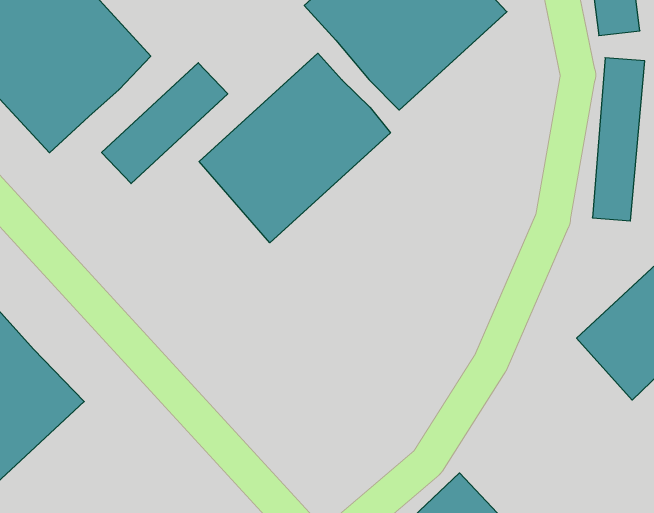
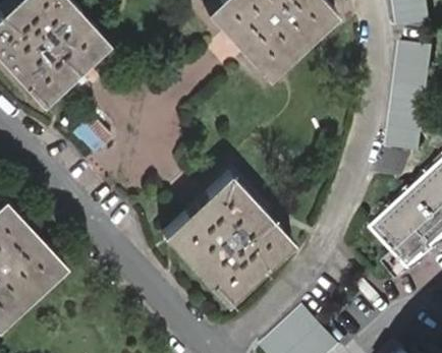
building: [199,53,390,243] -> none
building: [102,63,228,184] -> none
building: none -> [166,177,294,305]

